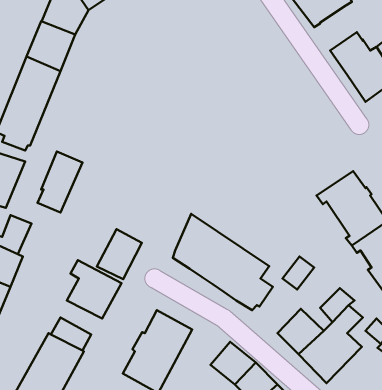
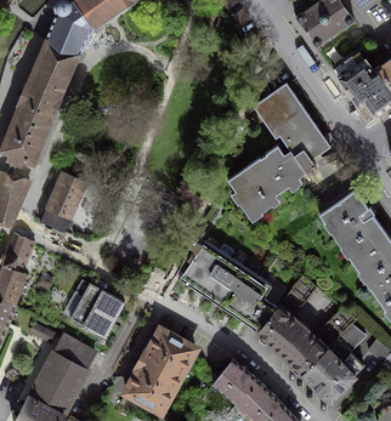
building: none -> [228,83,335,211]
building: [97,229,142,279] -> none
building: none -> [257,305,304,351]

